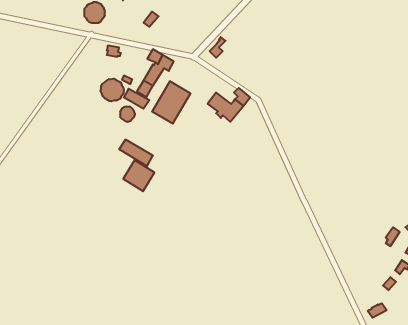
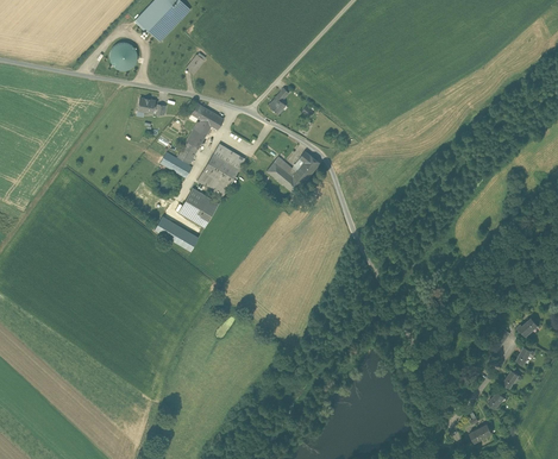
building: [101,79,124,101] -> none
building: [123,160,154,191] -> [178,188,218,227]

